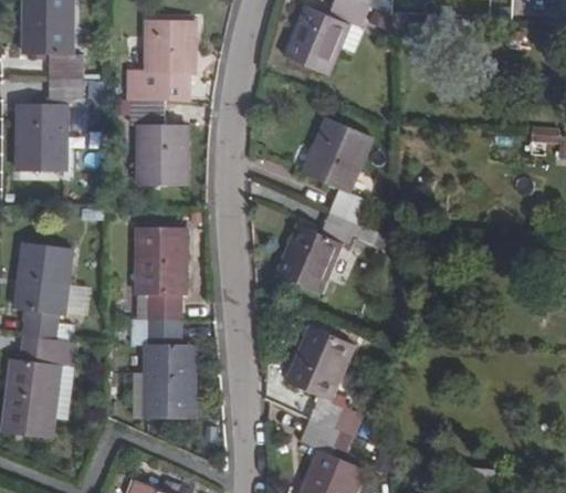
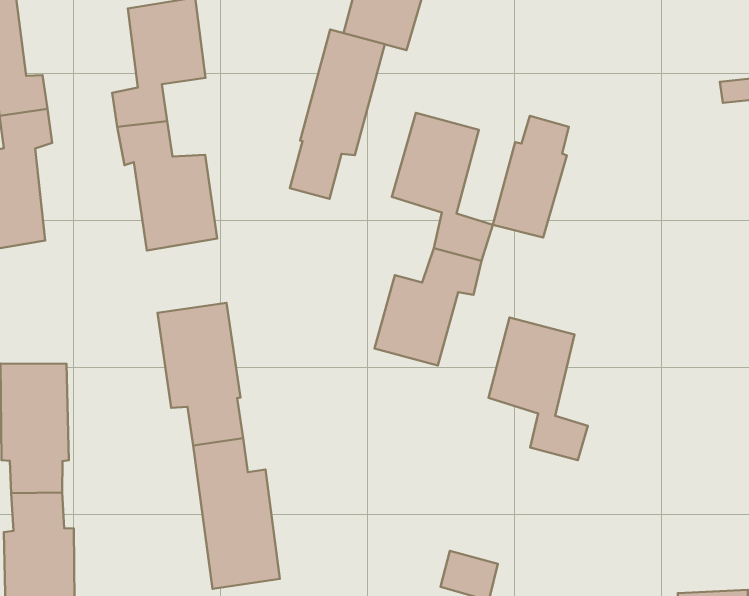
building: none -> [290,30,385,199]
building: none -> [493,116,569,238]
building: [286,327,350,430] -> [488,318,588,460]

